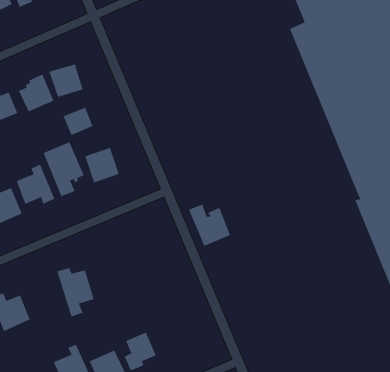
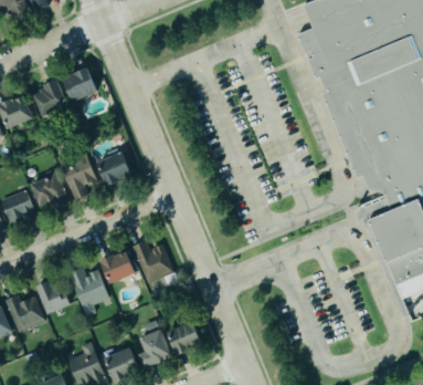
building: [63,107,93,136] -> none
building: [188,204,231,247] -> [131,239,173,281]
building: none -> [101,249,135,283]
building: none -> [36,280,71,313]
building: none -> [165,322,199,356]

